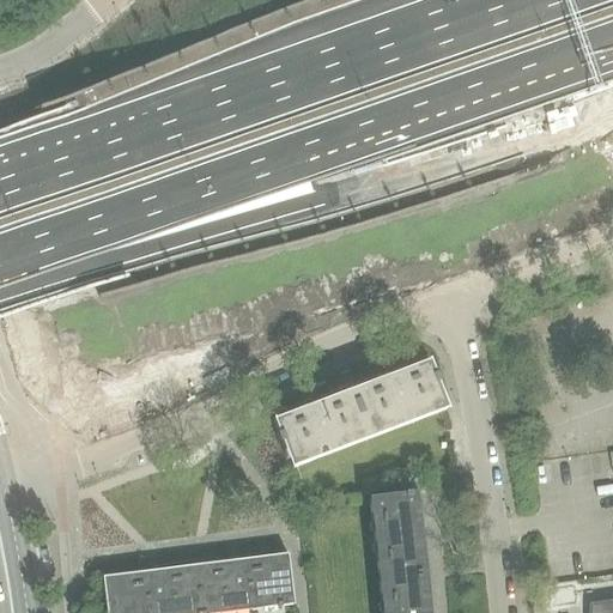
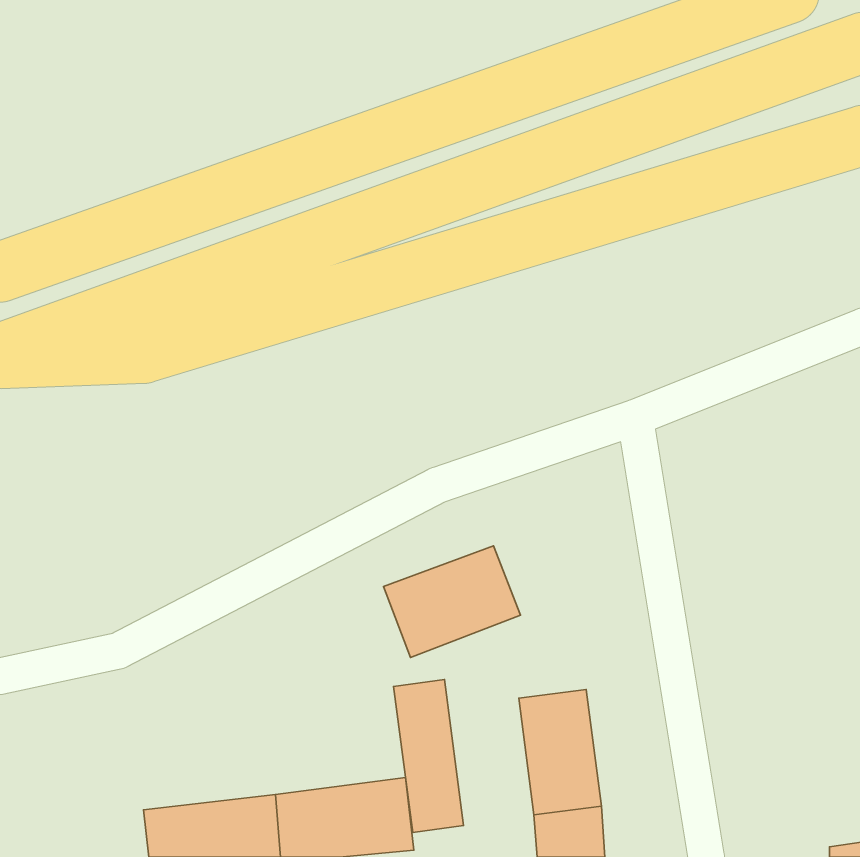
building: [352,357,449,436] -> none
building: none -> [394,680,463,833]

